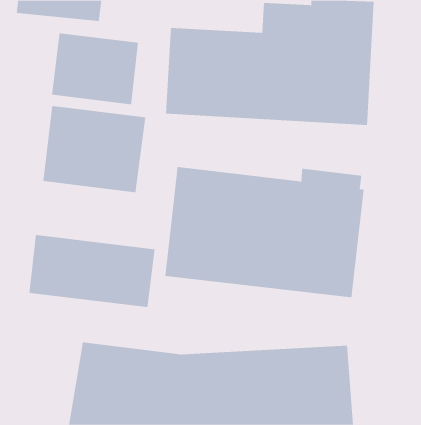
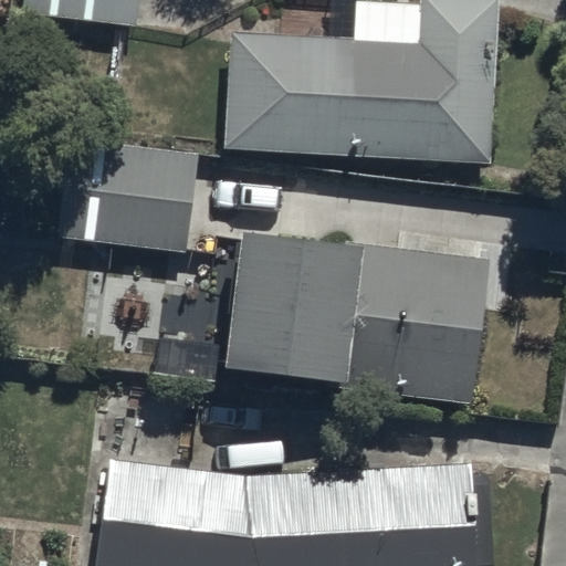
building: [51,32,139,105] -> none
building: [29,234,155,308] -> none

